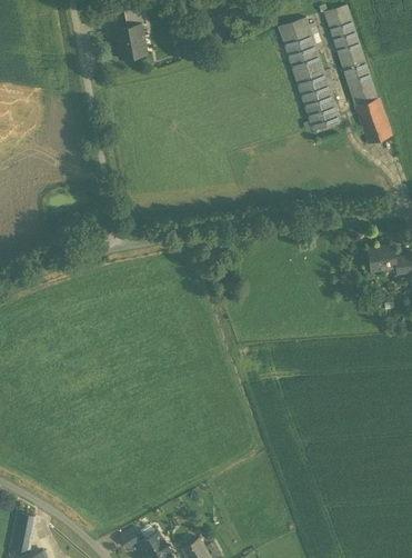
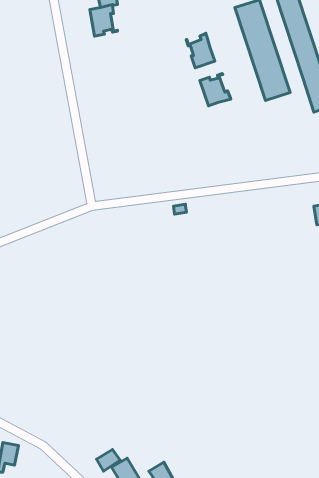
building: none -> [186,33,215,68]
building: none -> [200,74,231,106]

